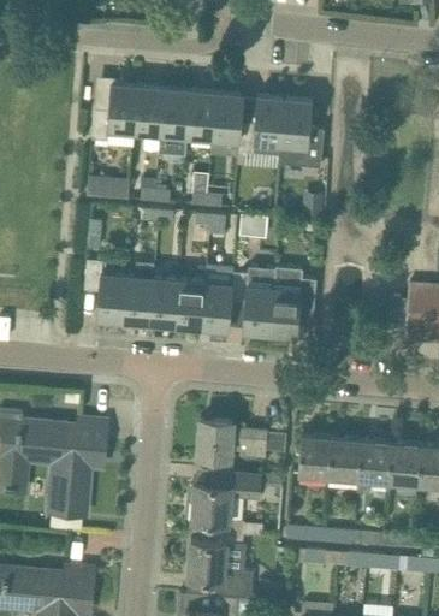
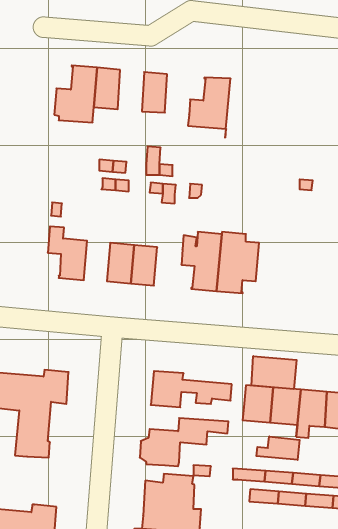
building: [159,89,190,153] -> none
building: [213,94,243,138] -> none
building: [279,99,324,167] -> none
building: [87,176,130,200] -> none
building: [124,277,153,321] -> none
building: [201,284,232,328] -> none
building: none -> [252,356,297,389]
building: none -> [256,436,300,460]

